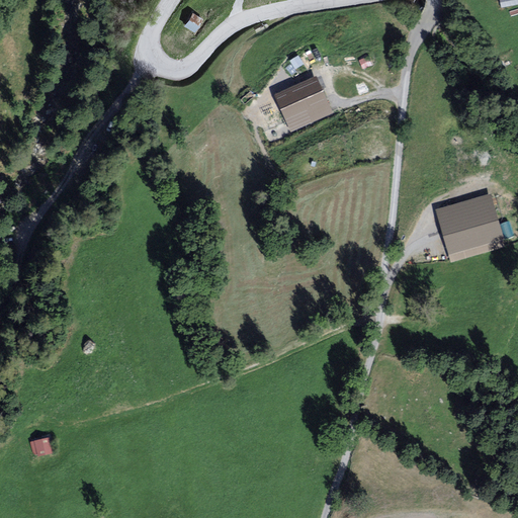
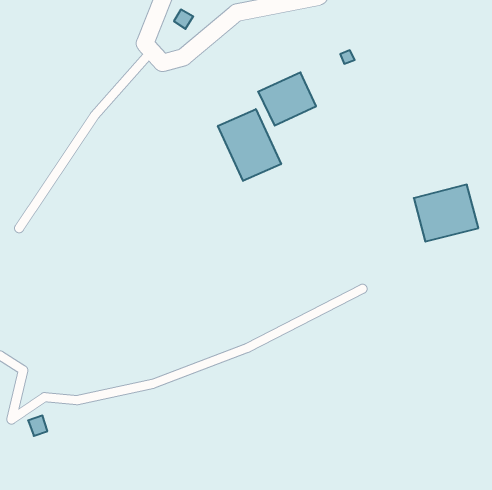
building: none -> [218,109,281,181]

